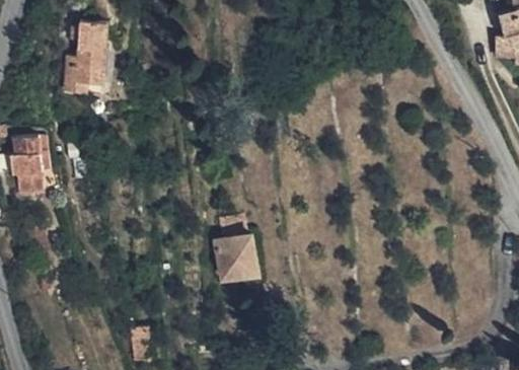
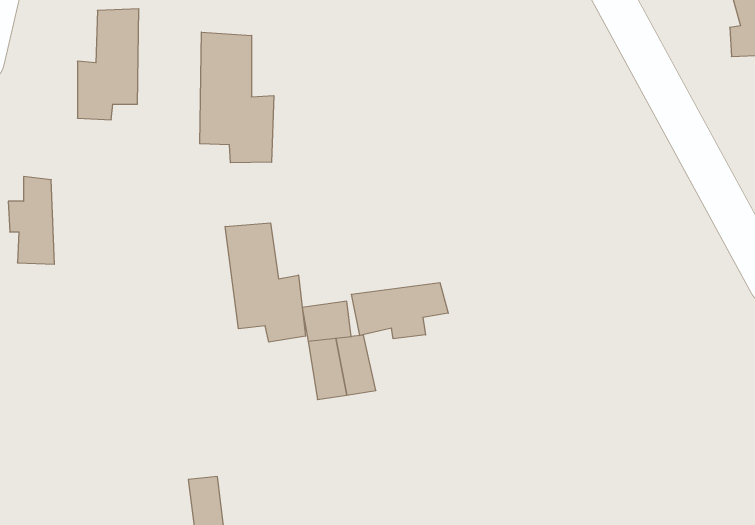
building: none -> [200,32,274,163]
building: none -> [225,223,305,342]
building: none -> [351,283,448,339]

